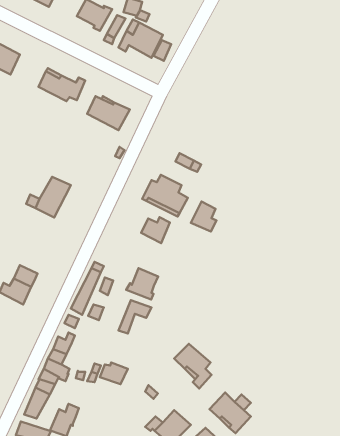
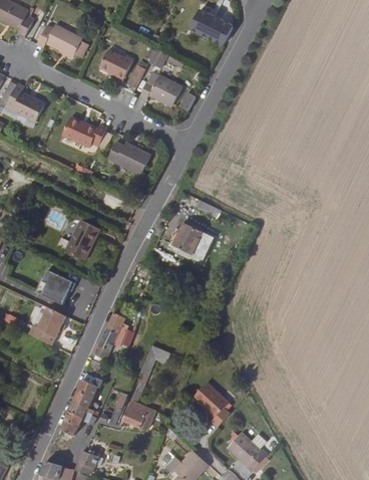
building: [191,202,217,231] -> none
building: [141,217,170,243] -> none
building: none -> [32,269,68,304]
building: [126,268,158,299] -> none

